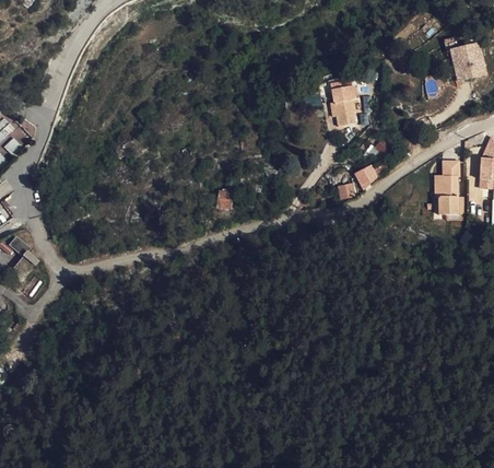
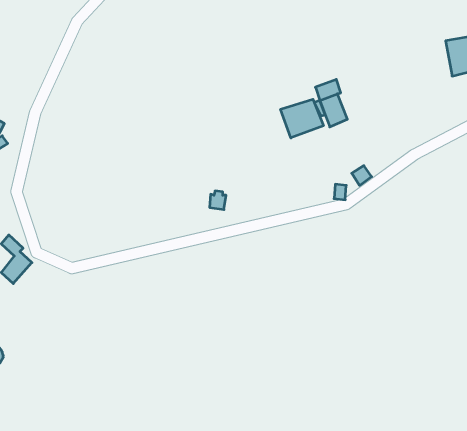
building: none -> [281,99,323,138]
building: [438,160,458,212] -> none

